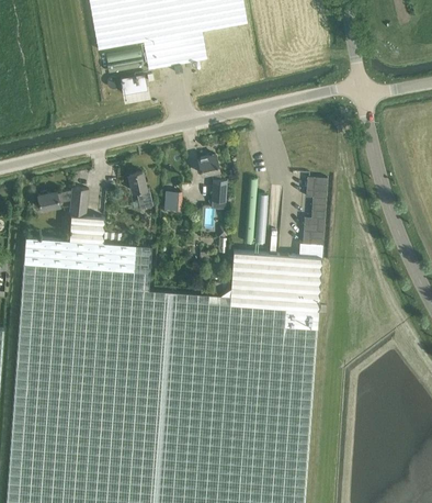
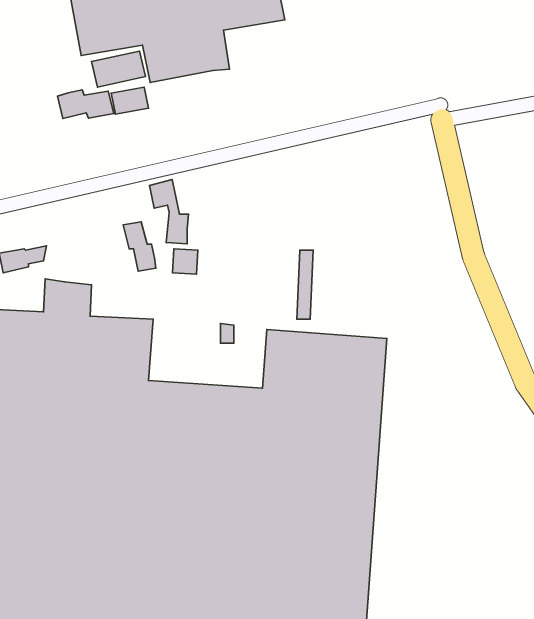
building: none -> [57,90,114,118]
building: [198,154,227,201] -> [150,180,189,244]
building: [302,178,327,246] -> none
building: [69,187,89,215] -> none

